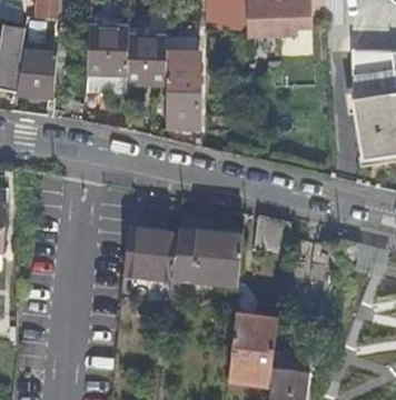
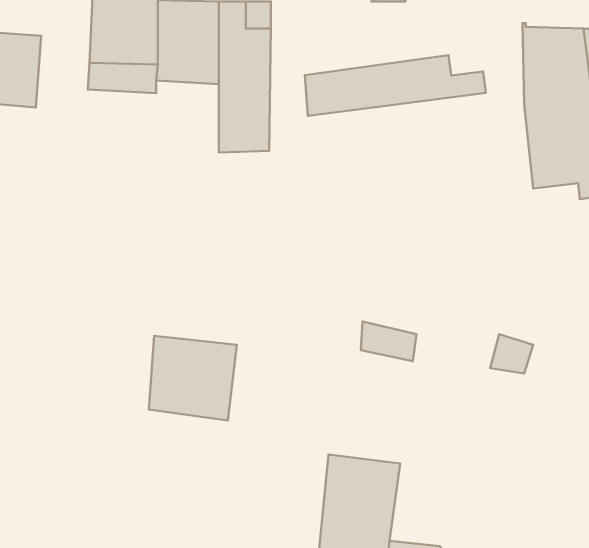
building: none -> [305,55,486,116]
building: [171,240,240,299] -> none

